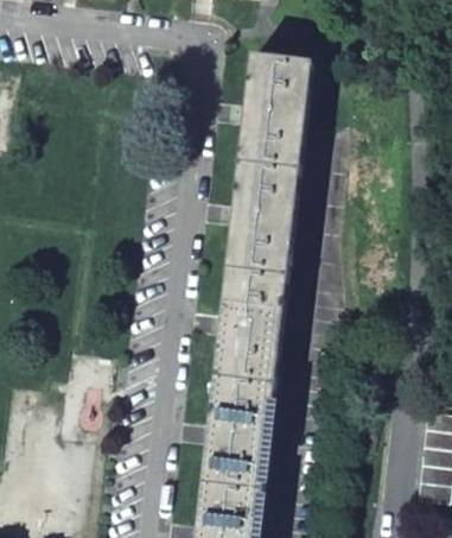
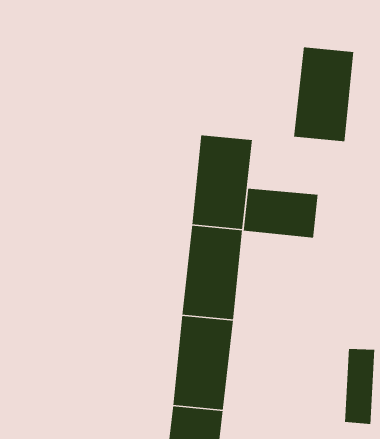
building: [238,56,311,169] -> [293,47,354,142]
building: none -> [243,188,318,238]

